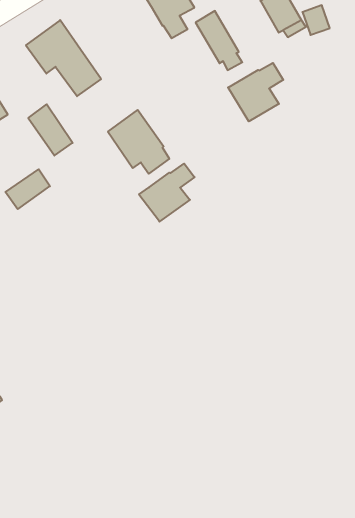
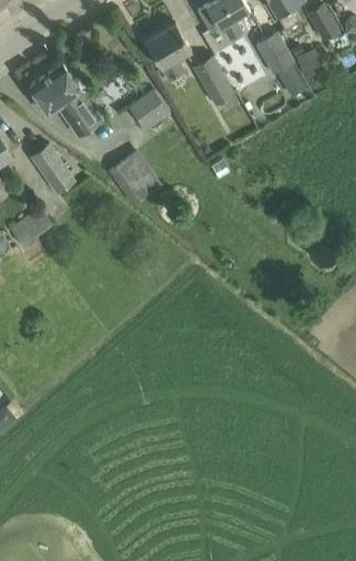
building: none -> [127,88,171,131]
building: [228,63,283,121] -> none
building: [139,164,195,222] -> none

